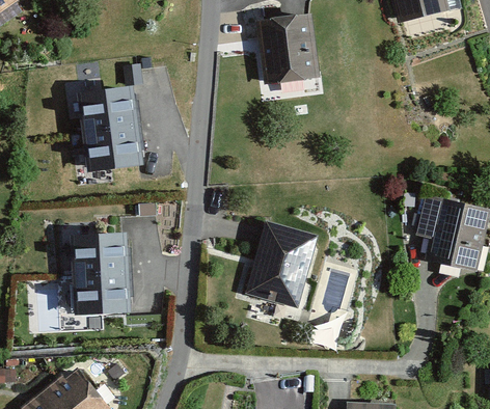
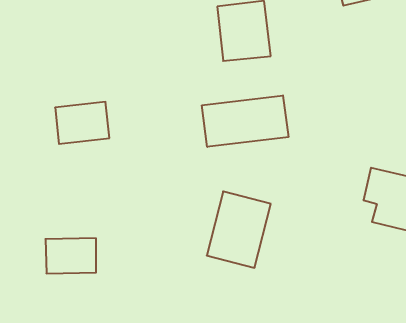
building: [78,86,137,132] -> none
building: none -> [202,95,288,147]
building: [71,230,127,275] -> none

